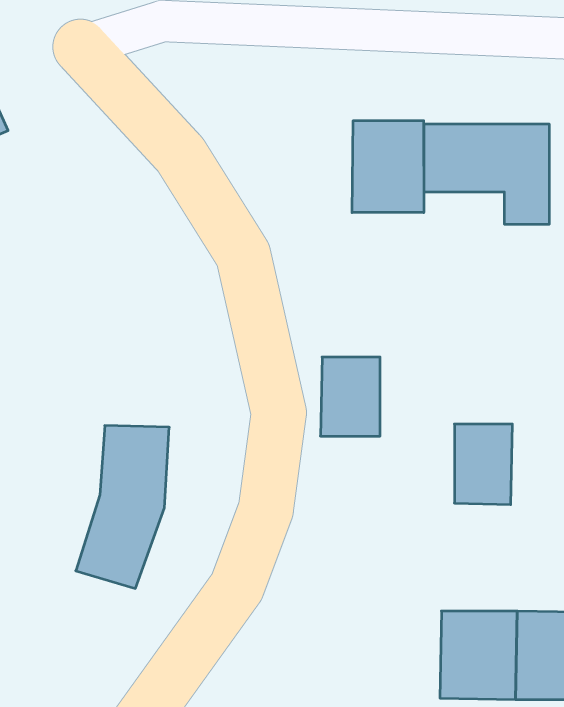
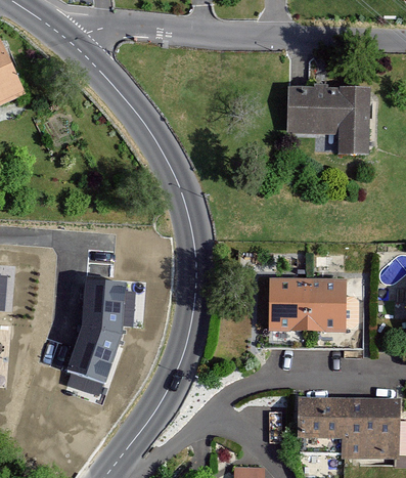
building: [352,121,424,213] -> none
building: [320,357,380,436] -> [270,279,308,330]

